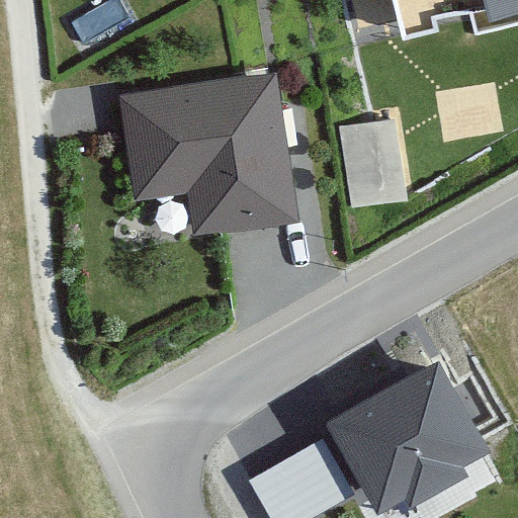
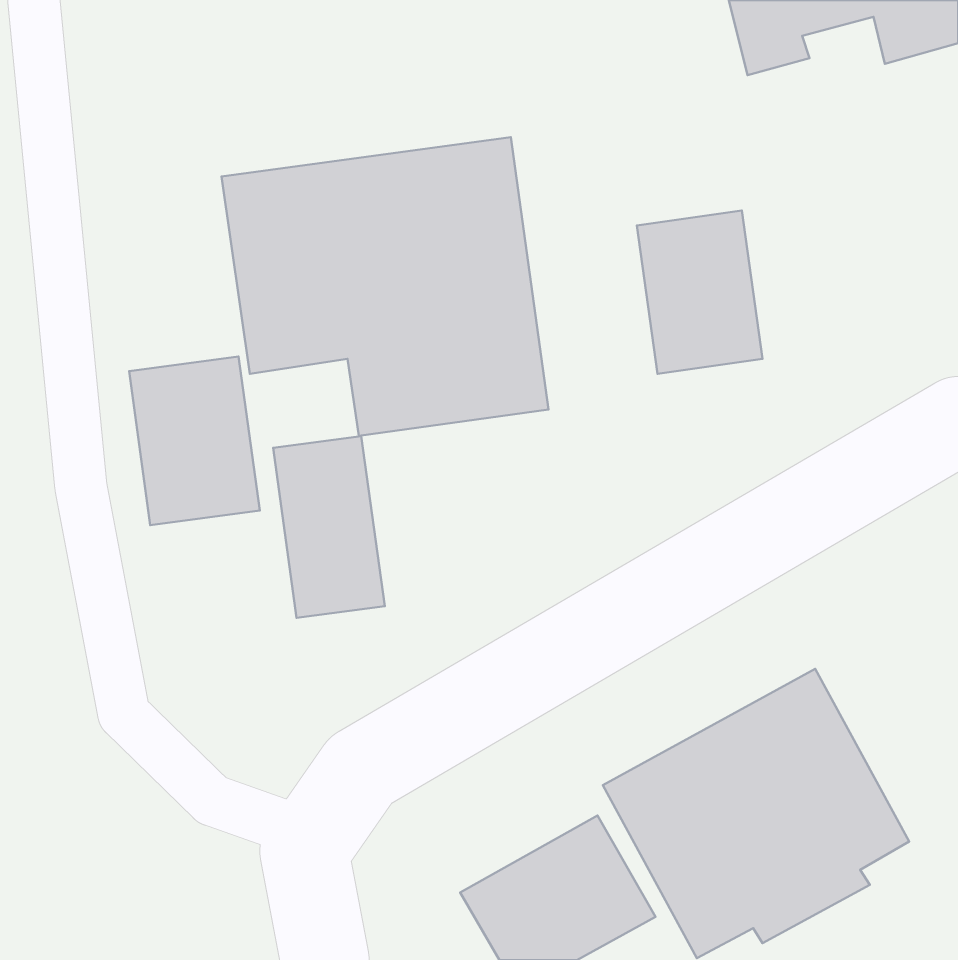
building: none -> [129,356,260,525]
building: none -> [273,436,385,618]

